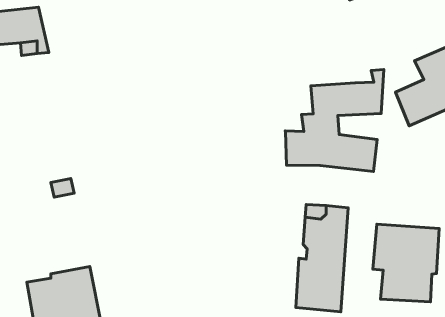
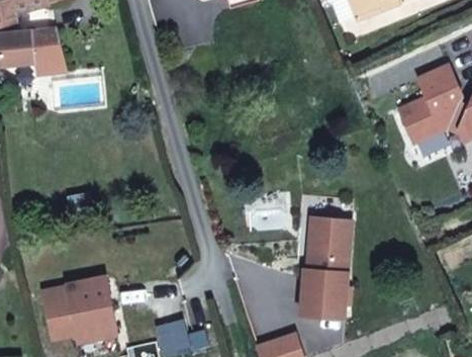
building: [285,70,384,171] -> none
building: [373,224,439,302] -> none

